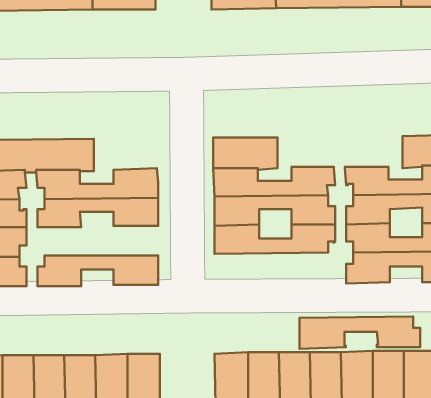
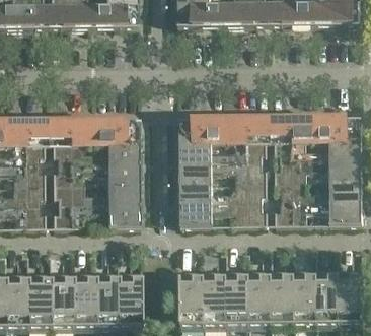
building: none -> [225,117,315,140]
building: none -> [92,119,138,142]
building: none -> [52,182,139,203]
building: [300,316,420,349] -> [179,201,267,224]

